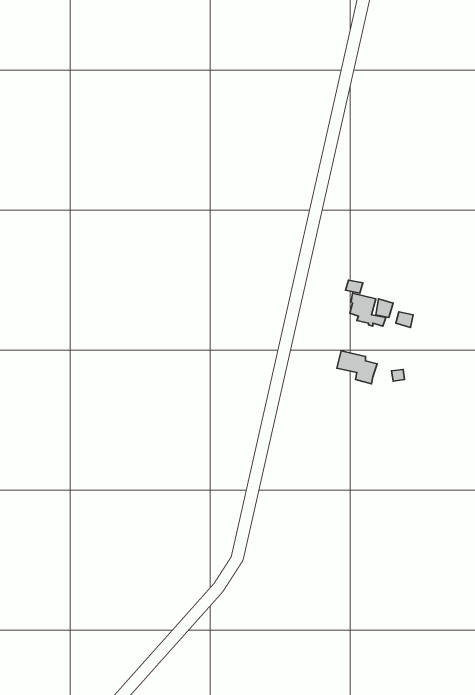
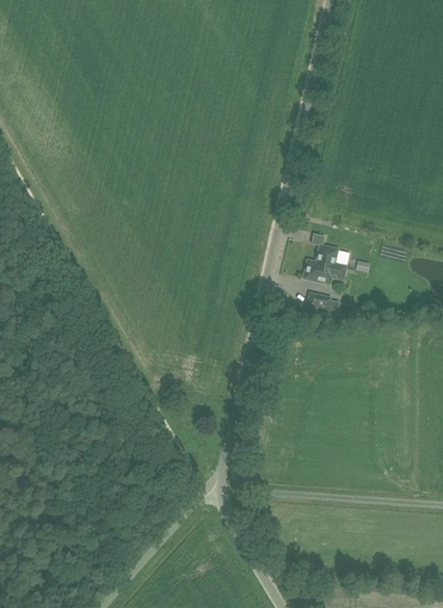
building: none -> [304,258,345,283]

